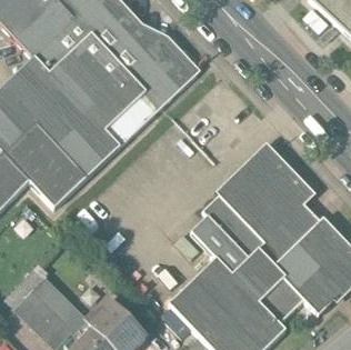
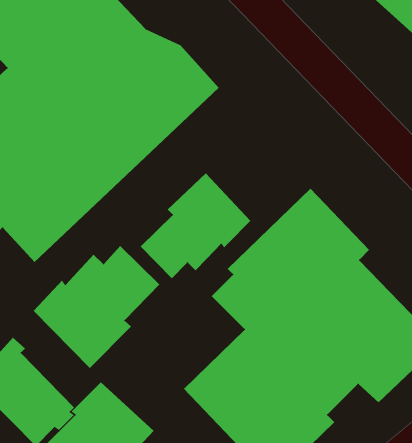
building: none -> [140,173,251,279]
building: none -> [33,245,160,369]

